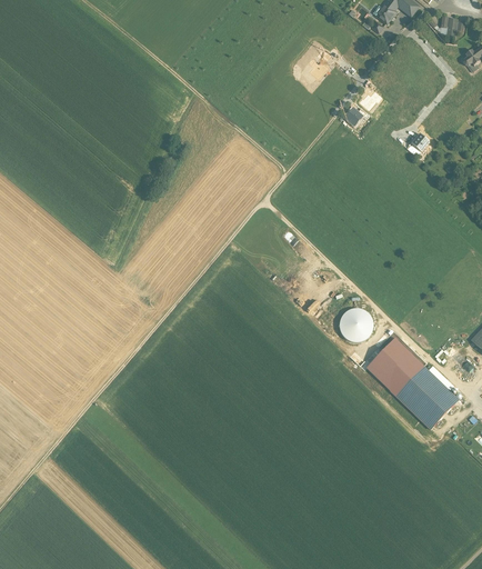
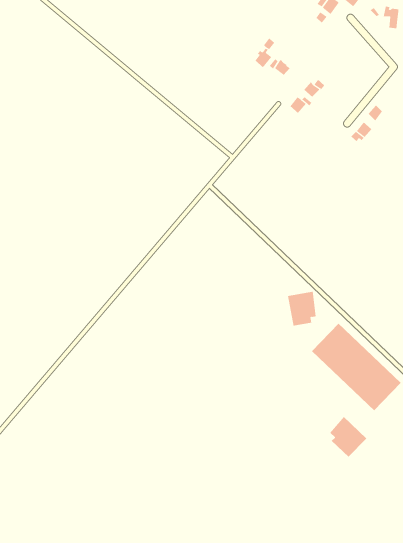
building: none -> [330,416,367,458]

